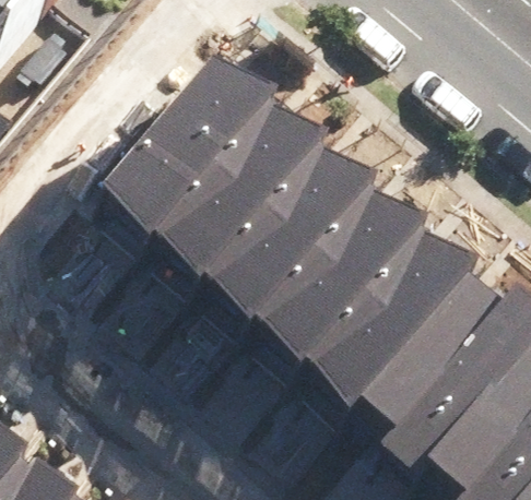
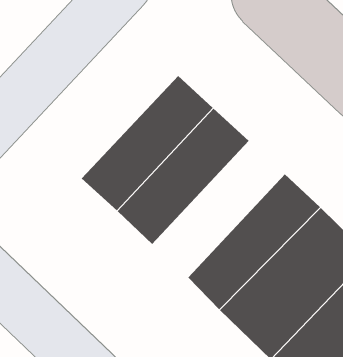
building: [122,70,287,251] -> none
building: [268,189,433,370] -> none

